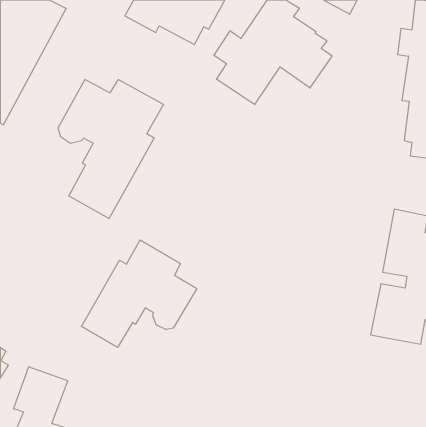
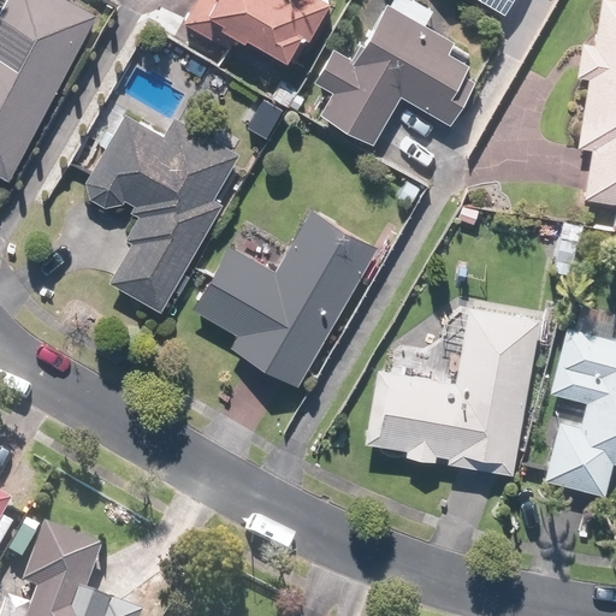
building: none -> [194,211,377,386]
building: none -> [365,308,539,476]
building: [81,240,197,347] -> none

